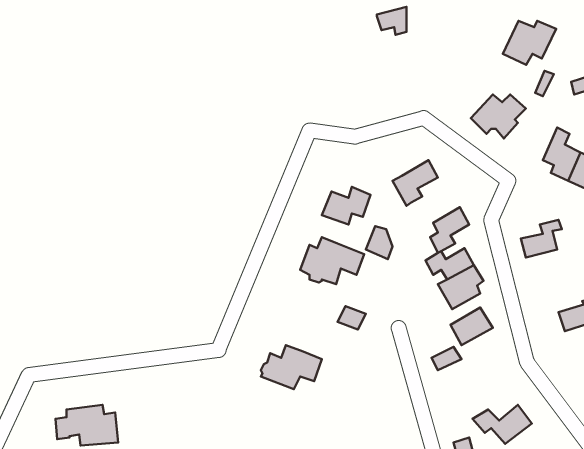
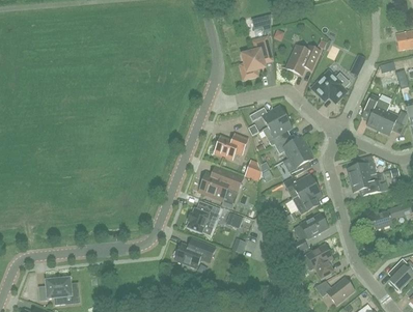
building: [503,21,556,65] -> [285,45,321,74]
building: none -> [241,36,270,78]
building: none -> [240,104,285,125]
building: none -> [274,133,306,157]
building: none -> [350,172,381,194]
building: none -> [187,203,220,231]
building: none -> [302,244,332,276]

